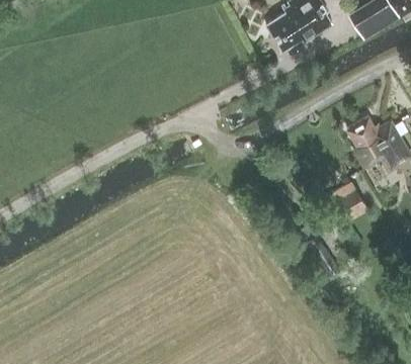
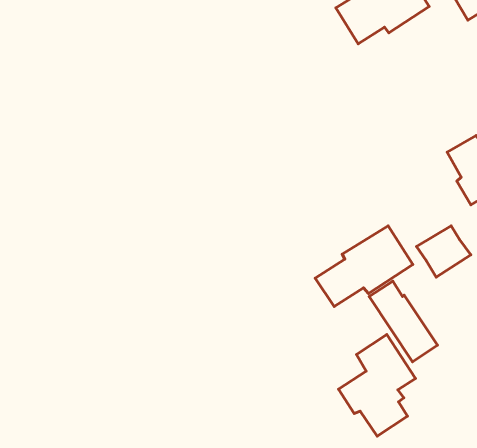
building: none -> [315,226,413,307]
building: none -> [339,335,415,436]

